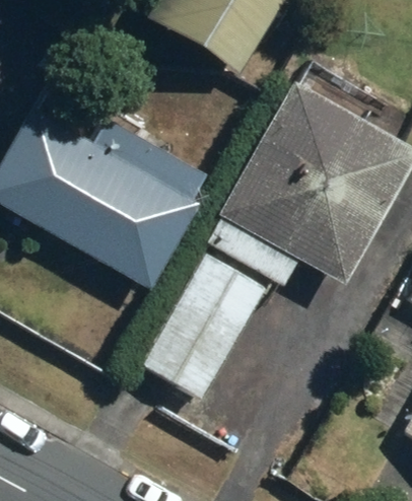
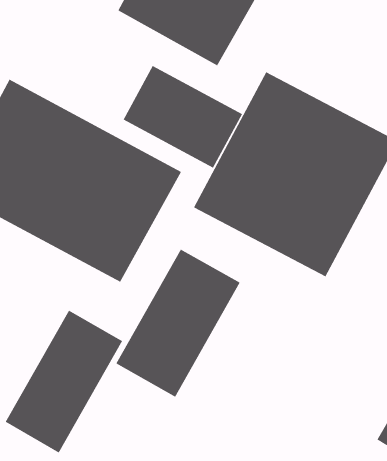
building: none -> [123,65,243,168]
building: none -> [5,310,123,453]

